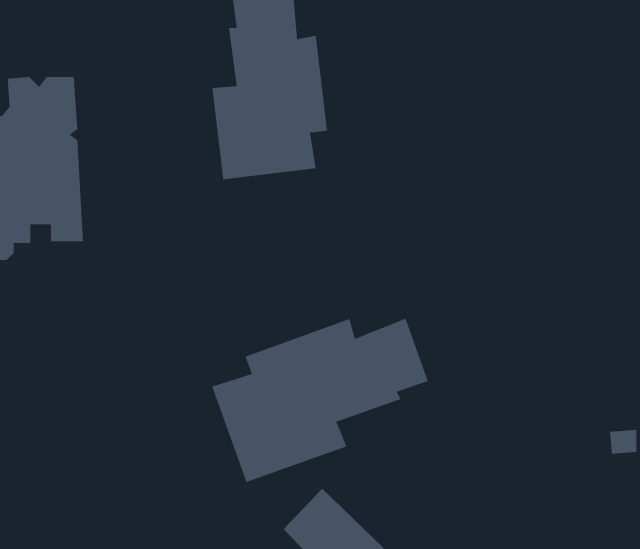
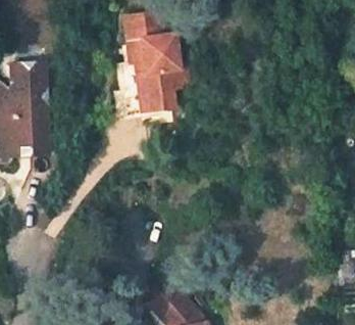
building: [211,318,429,483] -> none

